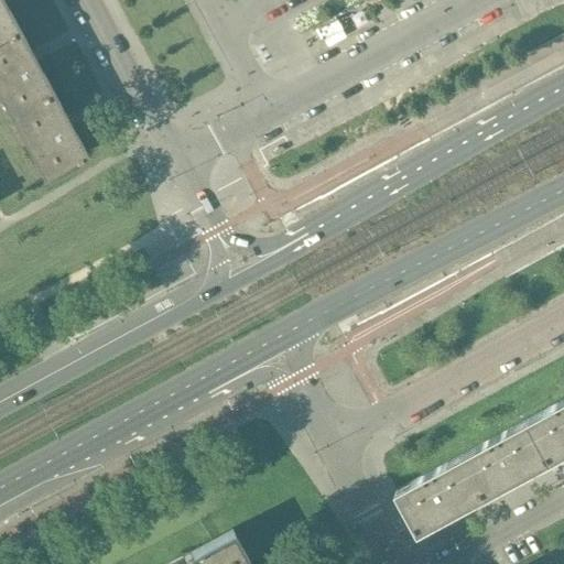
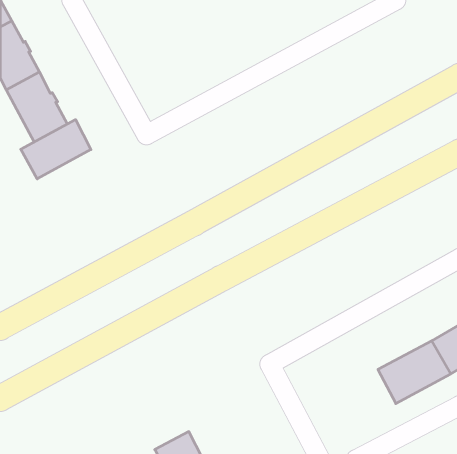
building: none -> [21,120,91,179]
building: [400,459,488,538] -> none

